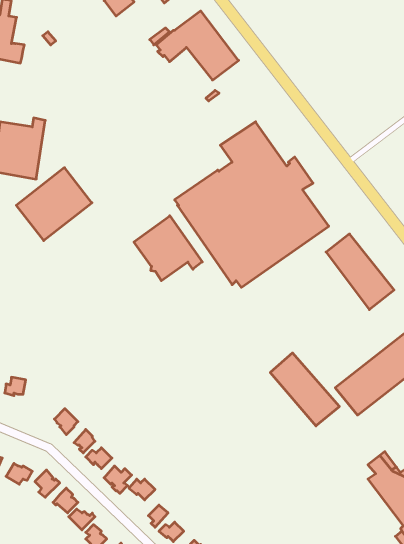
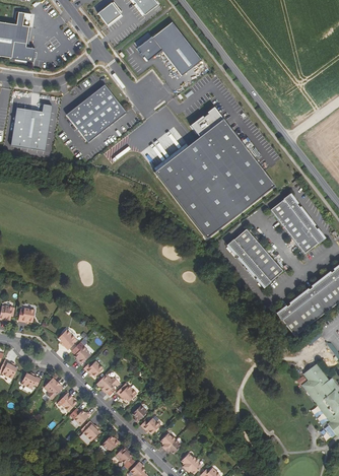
building: [16,168,92,241] -> [67,84,126,141]
building: [134,216,202,281] -> none
building: [270,353,339,426] -> [228,228,282,285]

